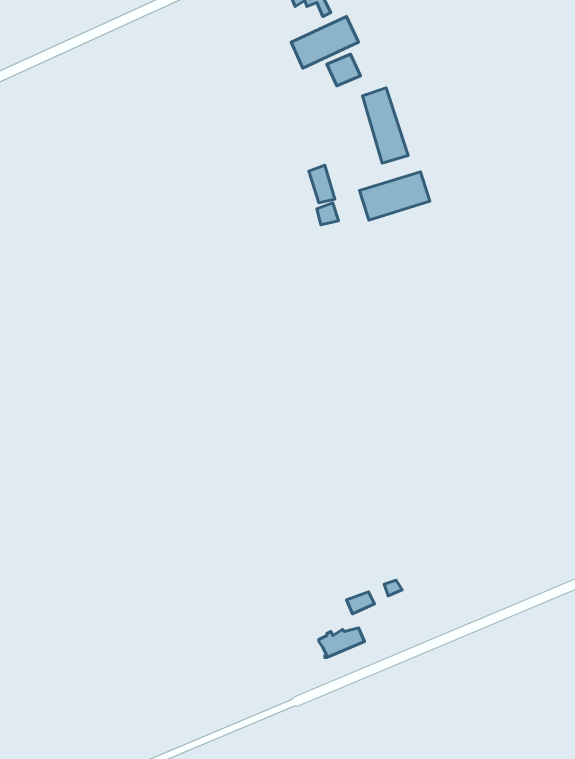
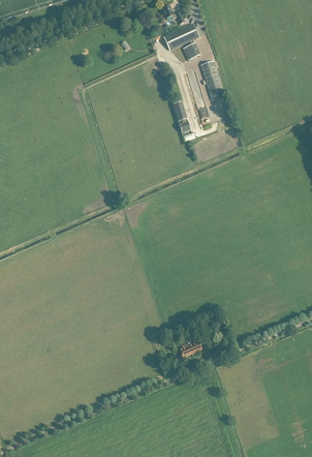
building: [360,172,430,220] -> none

